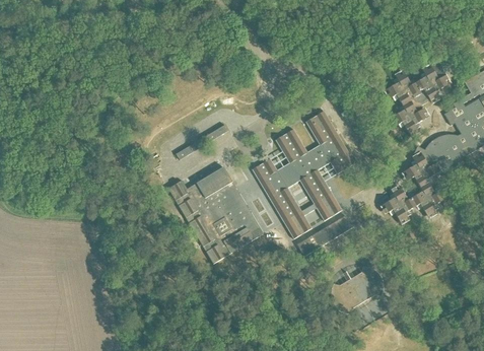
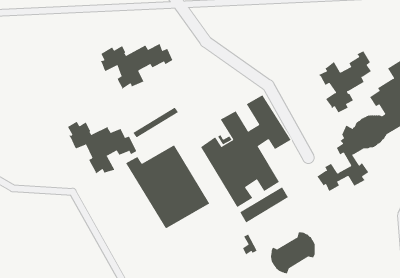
building: none -> [100,43,173,90]
building: none -> [67,121,137,175]

